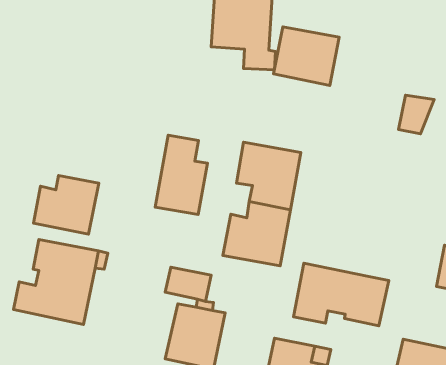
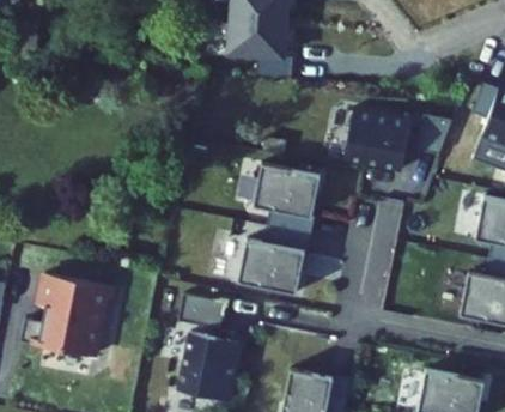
building: [274,27,339,85] -> [348,109,416,170]
building: [155,135,208,214] -> none
building: [33,175,99,234] -> none
building: [294,263,389,326] -> none

